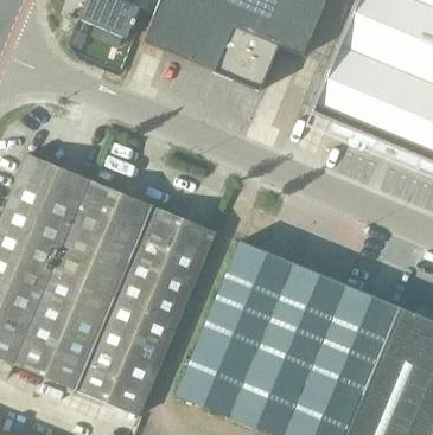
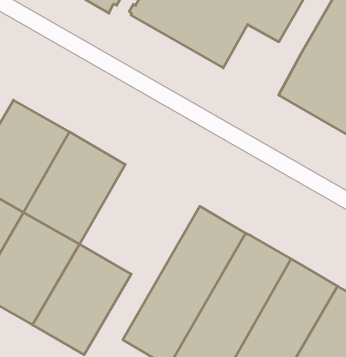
building: [119,207,216,324] -> none

